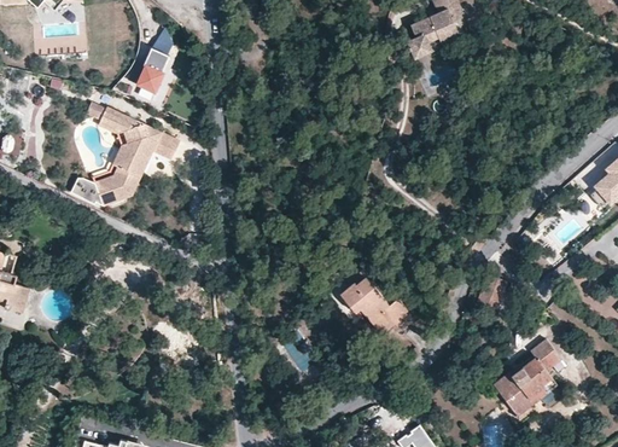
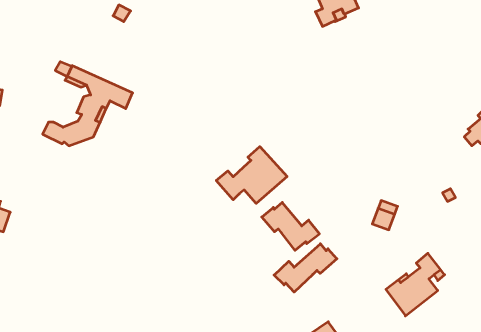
building: [136,52,169,93] -> none
building: none -> [216,147,287,203]
building: none -> [274,244,337,292]

